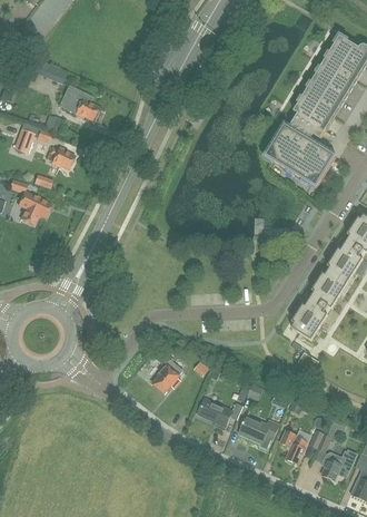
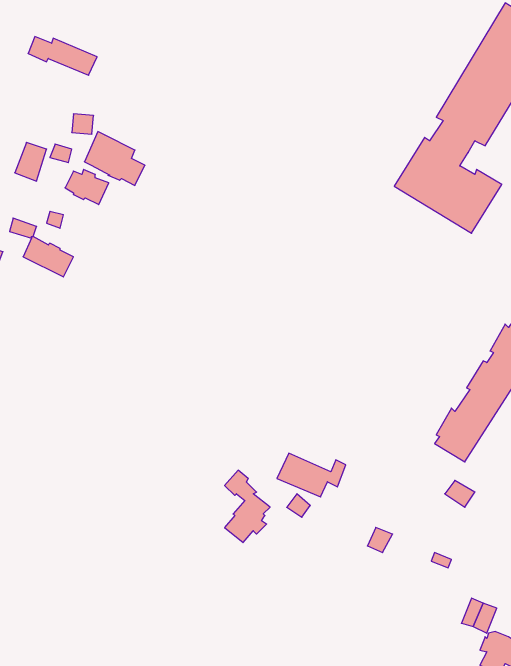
building: [59,84,99,119] -> [84,132,145,185]
building: [197,397,242,426] -> [277,453,346,497]
building: [239,409,279,442] -> none
building: [279,429,308,464] -> none

